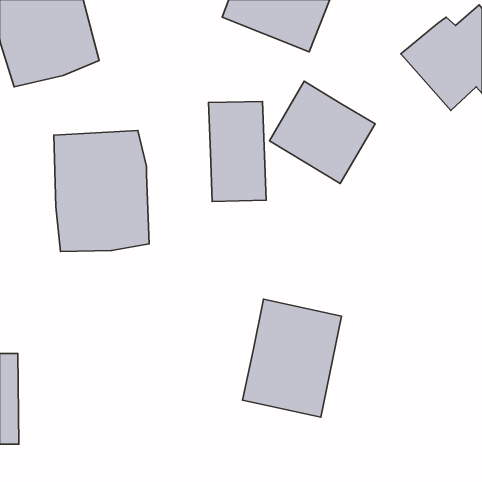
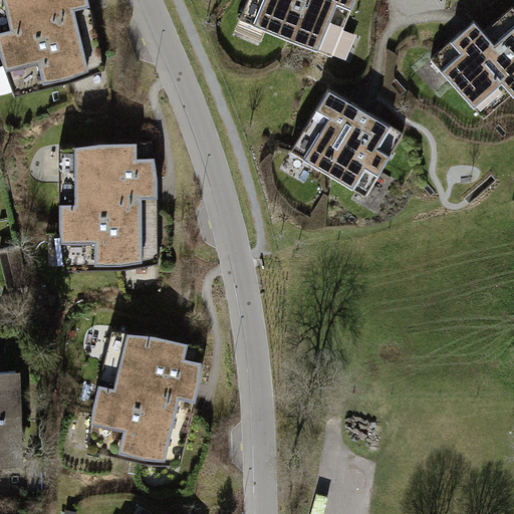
building: [208,101,266,201] -> none
building: [243,299,342,417] -> none
building: none -> [89,326,200,462]

